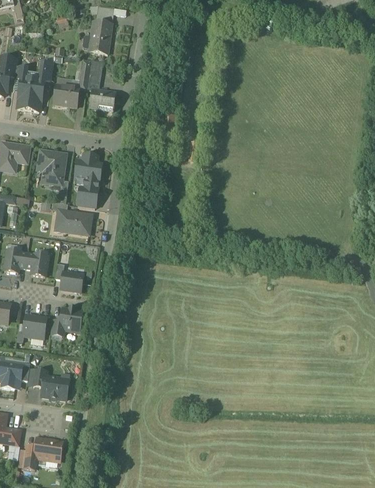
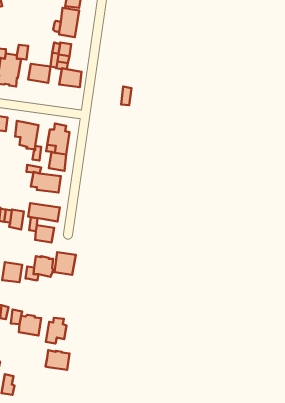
building: none -> [28,203,60,222]
building: none -> [55,252,76,275]
building: none -> [46,318,66,343]
building: [34,437,62,460] -> [45,350,70,370]

